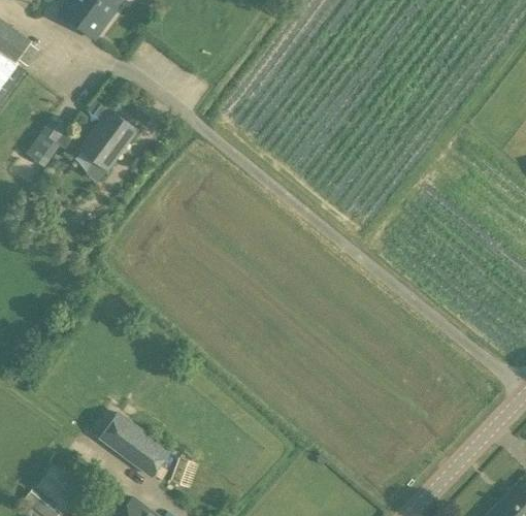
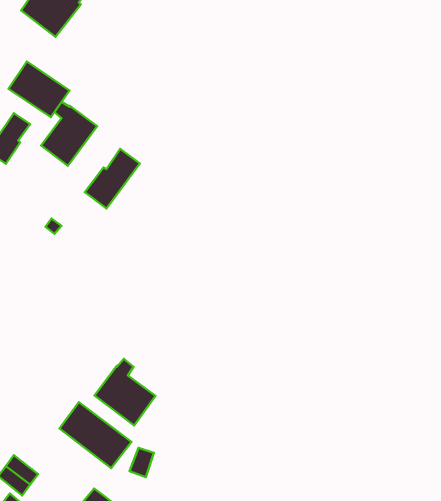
building: none -> [8,61,69,117]
building: none -> [85,149,140,209]
building: none -> [94,359,155,425]

